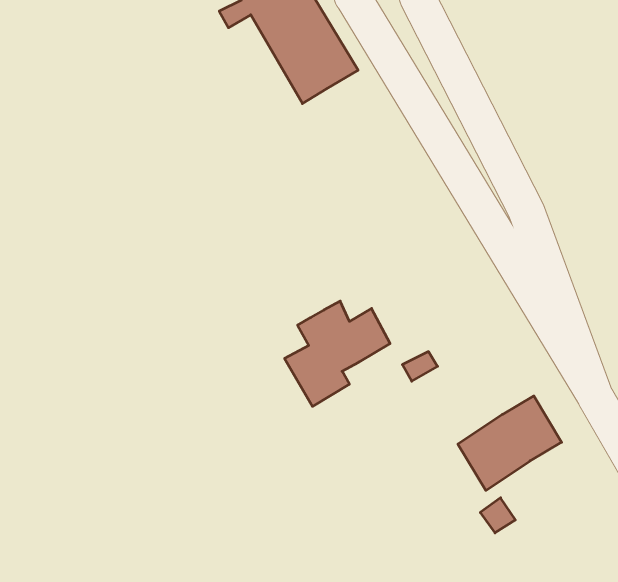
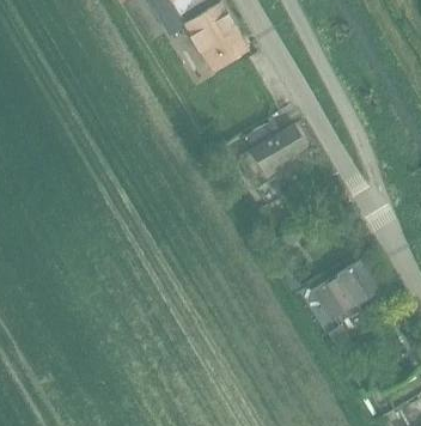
building: [285,301,390,406] -> [237,120,305,188]

